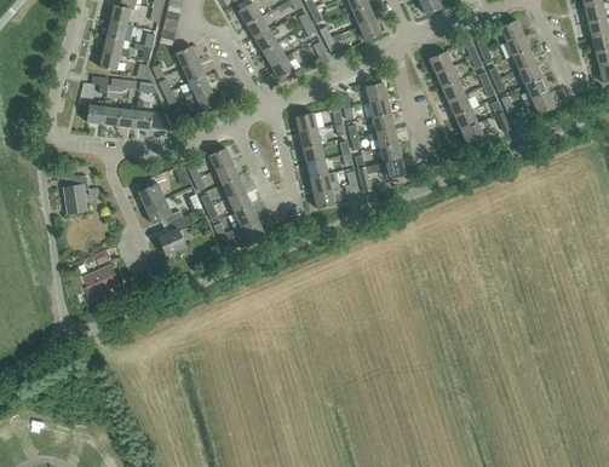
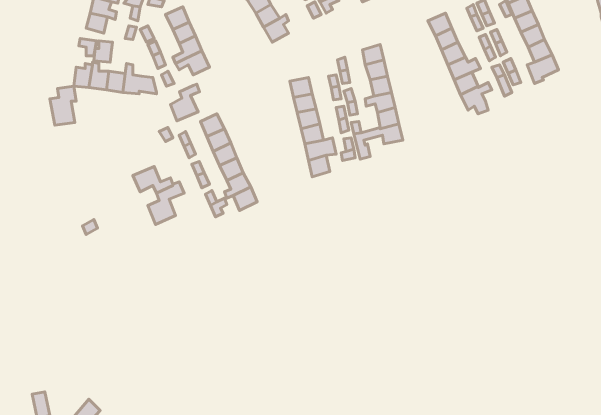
building: [138,172,166,207] -> [171,84,199,121]
building: [63,174,88,212] -> [50,86,76,125]
building: [84,265,119,301] -> none

